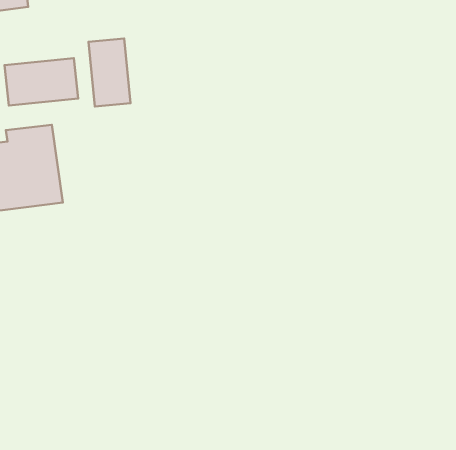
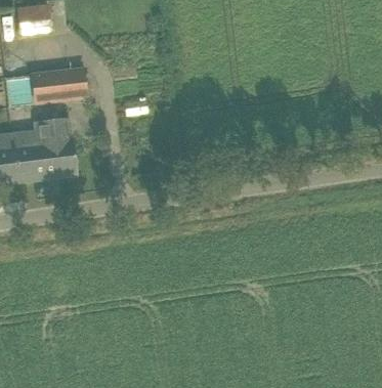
building: [88,38,131,107] -> none

